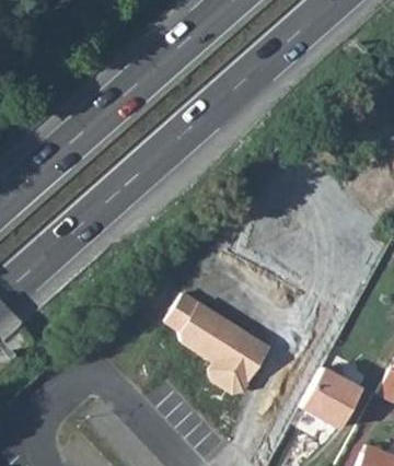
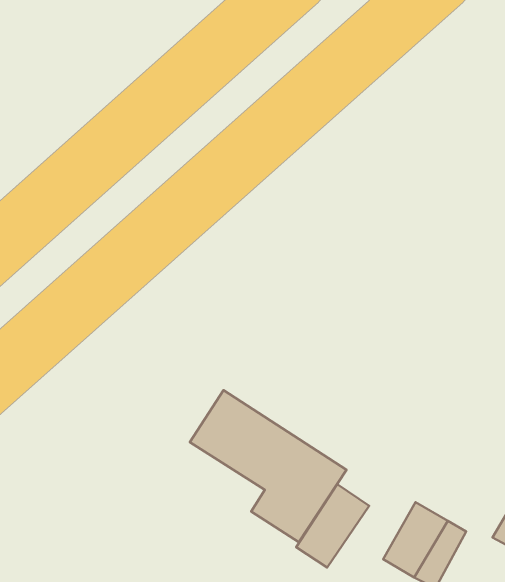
building: none -> [296,484,369,567]

